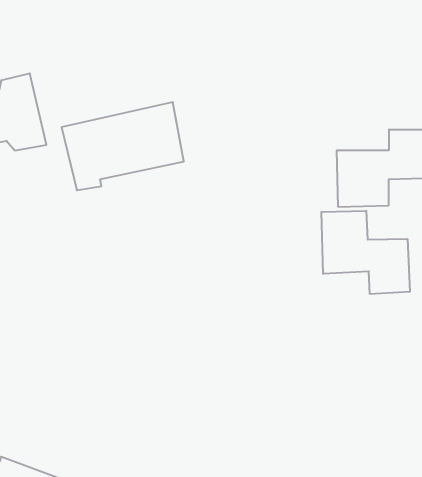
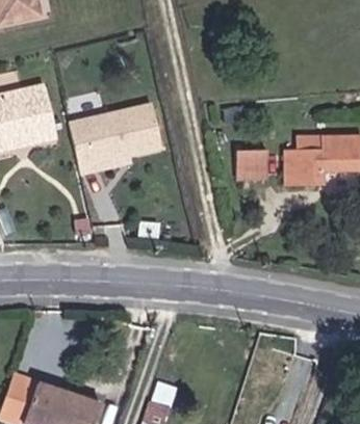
building: none -> [235,144,268,176]
building: [322,211,410,294] -> none

